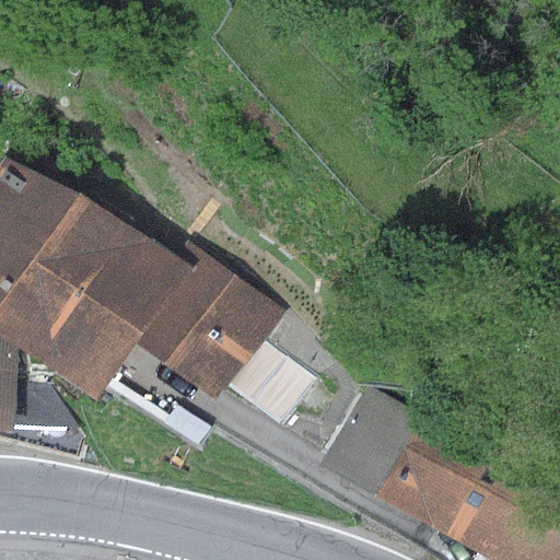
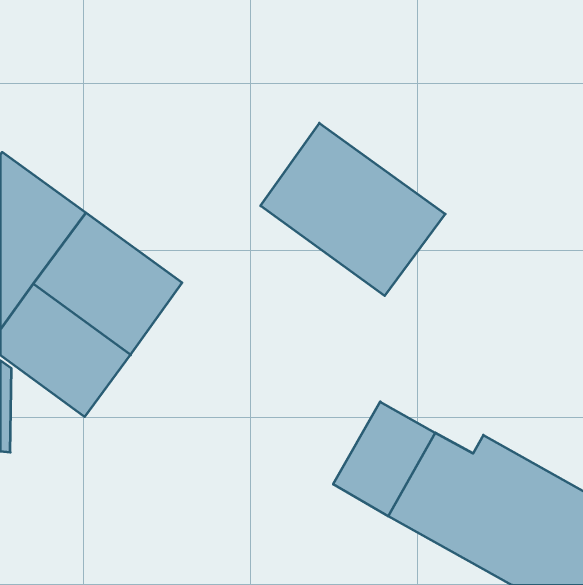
building: none -> [261,123,445,296]
building: [127,245,314,425] -> none

